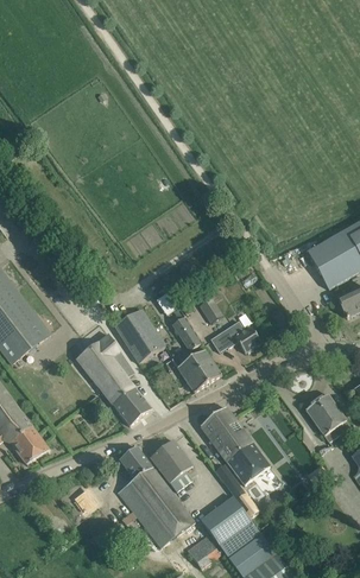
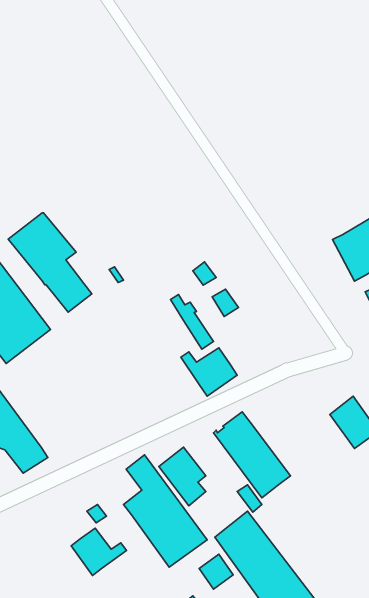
building: [115,309,165,363] -> none
building: [217,320,260,352] -> none
building: [75,335,151,425] -> [8,213,92,312]
building: none -> [71,528,126,575]

